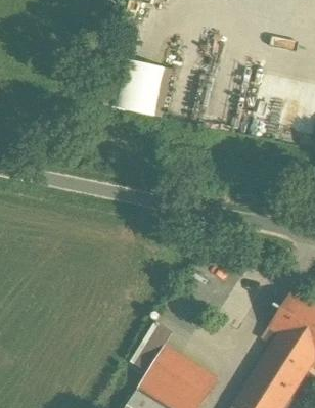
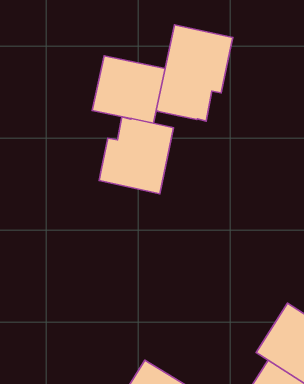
building: none -> [156,25,233,121]
building: none -> [99,117,174,194]

